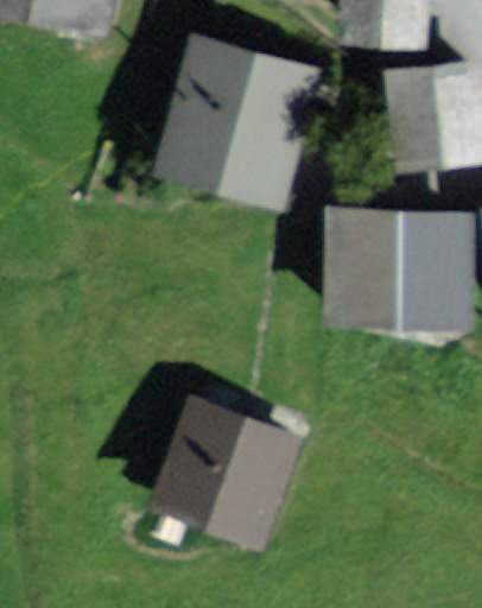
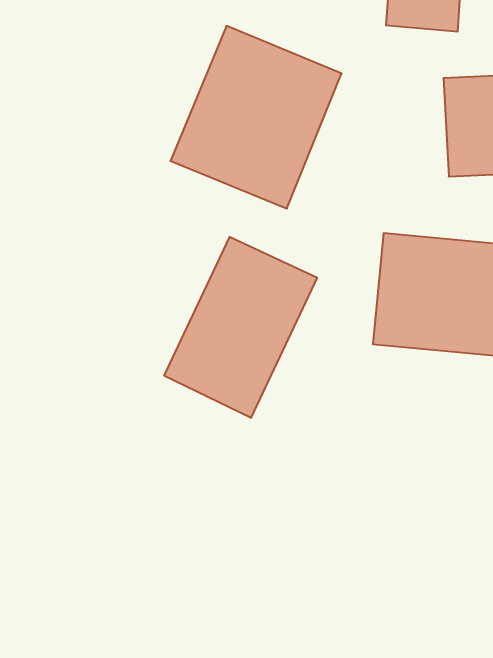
building: none -> [164,237,317,418]
building: [161,405,291,530] -> none

